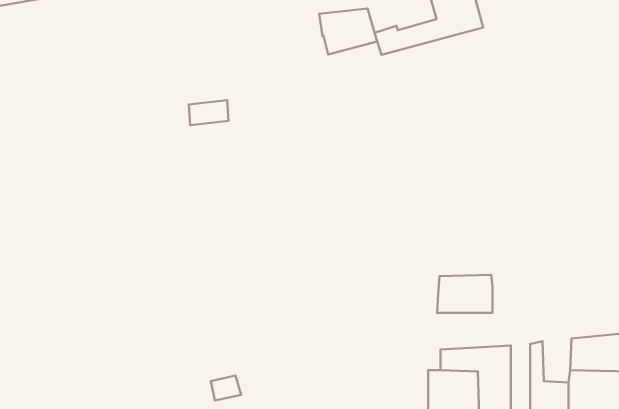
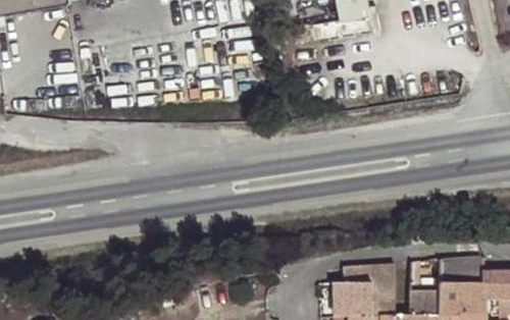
building: [319,8,377,55] -> none
building: [437,275,492,313] -> none

